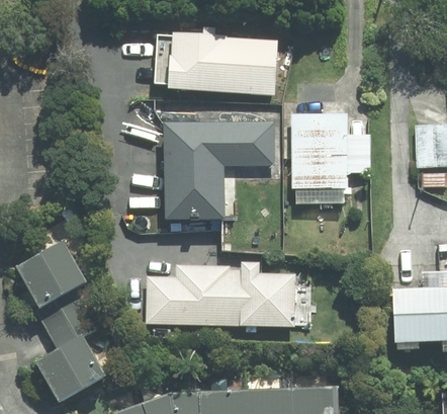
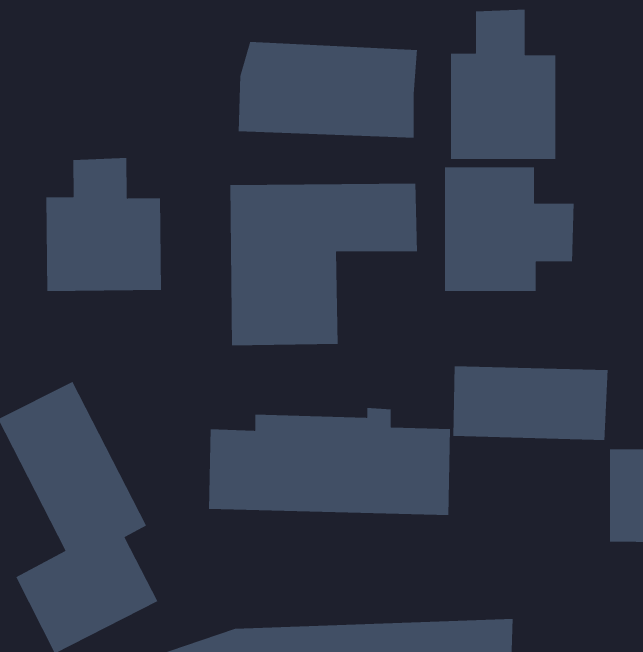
building: none -> [450,9,556,160]
building: none -> [45,157,162,292]
building: none -> [453,365,608,441]

